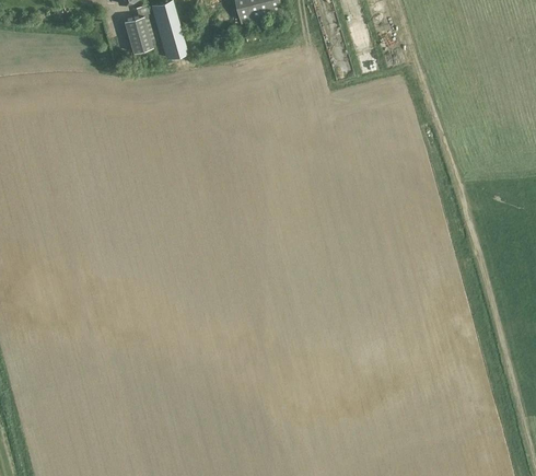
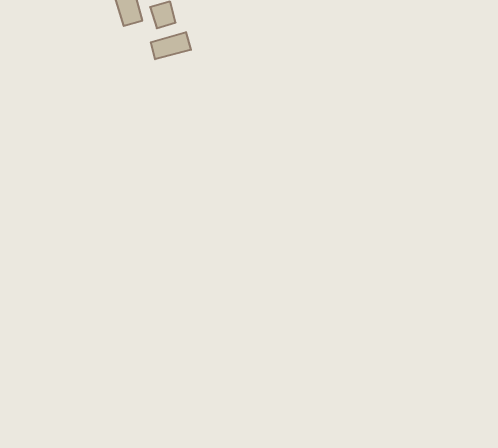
building: none -> [151,32,191,59]

